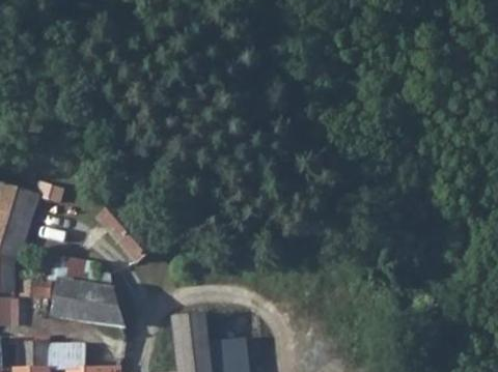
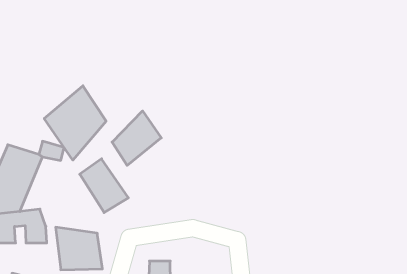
building: none -> [44,86,106,160]
building: none -> [112,111,161,165]

